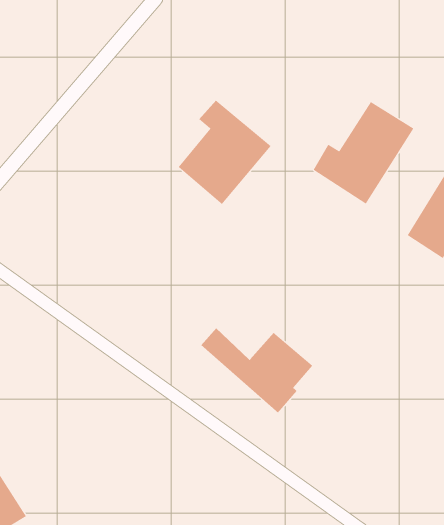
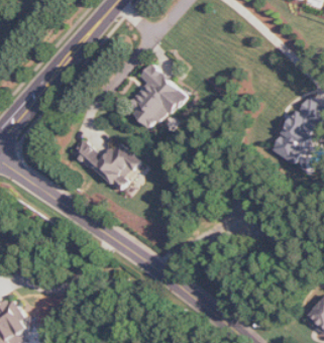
building: [313,101,414,204] -> none
building: [200,328,313,413] -> [71,138,142,193]

